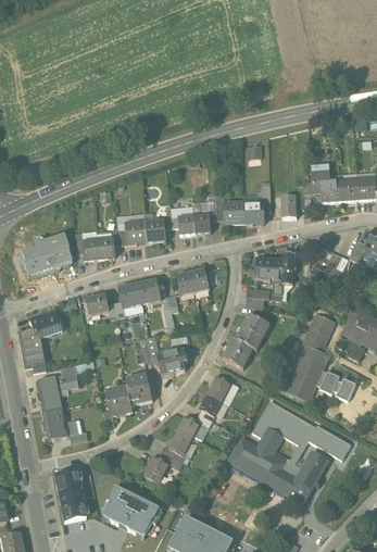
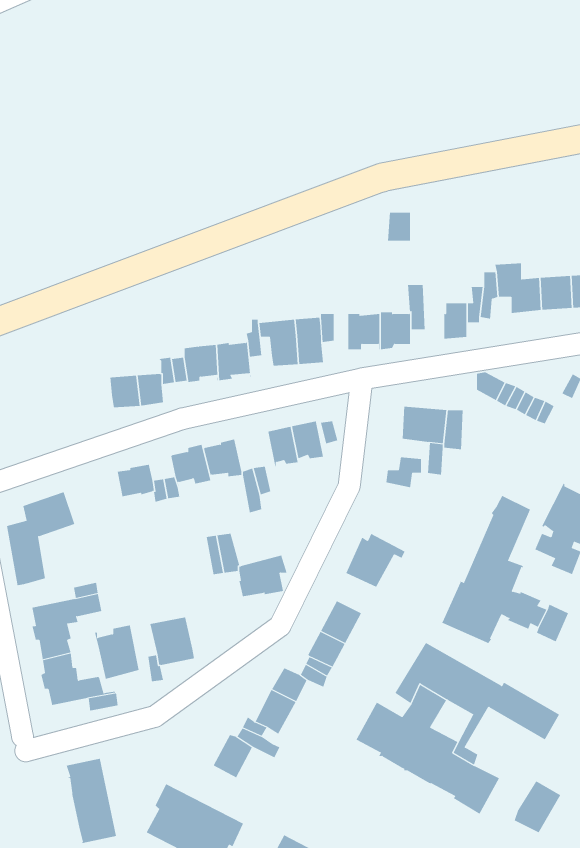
building: [21,234,73,276] -> none
building: [238,313,269,346] -> none
building: [125,372,152,404] -> [94,625,140,679]
building: [300,450,328,481] -> [514,781,561,833]

